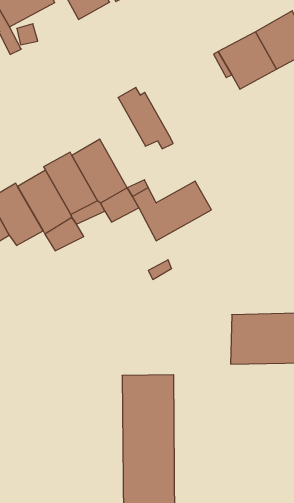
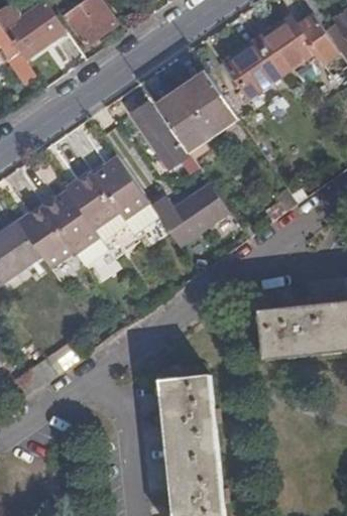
building: none -> [157,73,236,148]

